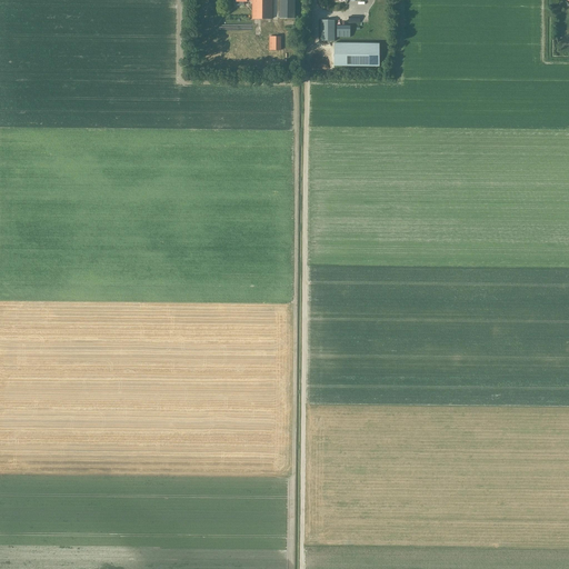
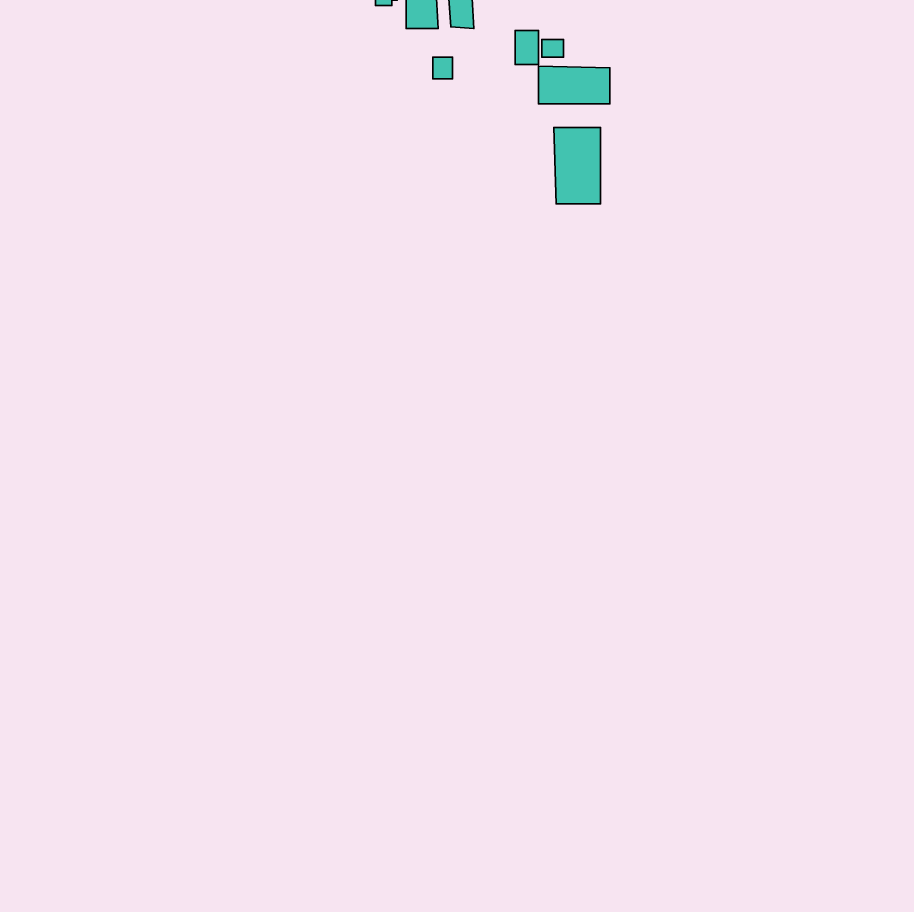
building: none -> [554,128,600,204]

